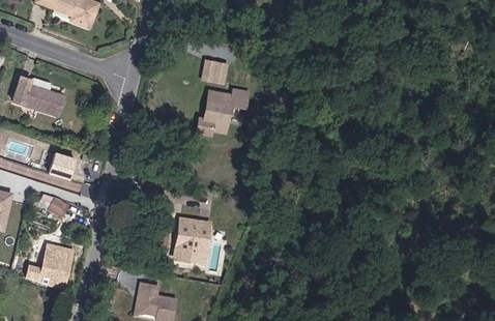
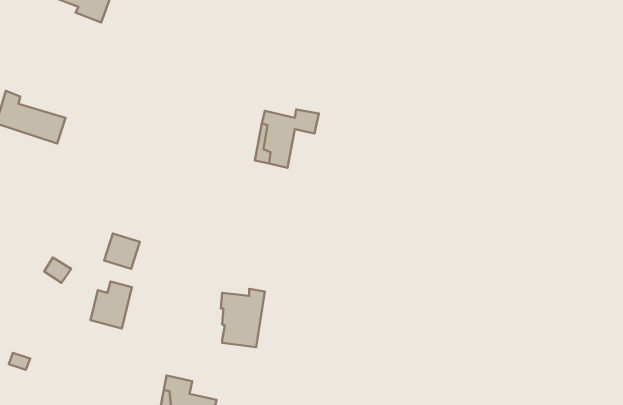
building: [202,59,226,82] -> none
building: [50,152,76,178] -> [104,233,140,269]
building: [42,245,72,280] -> [91,282,132,329]

